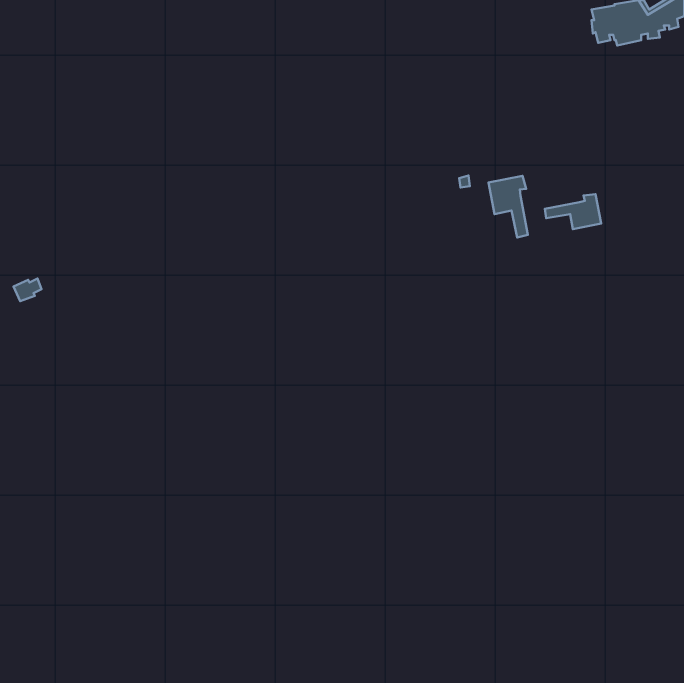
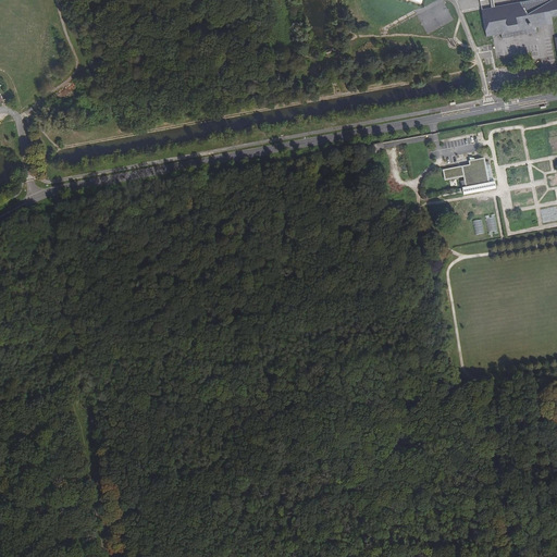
building: [488,176,528,237] -> none

